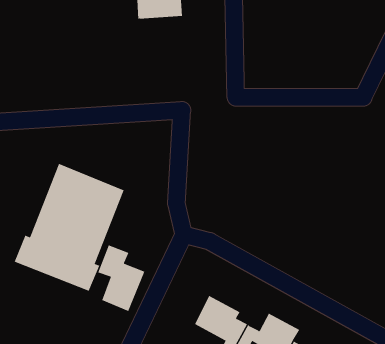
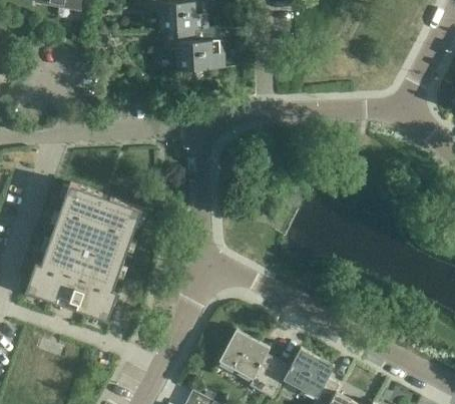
building: none -> [159,28,223,69]
building: [97,243,145,312] -> none

